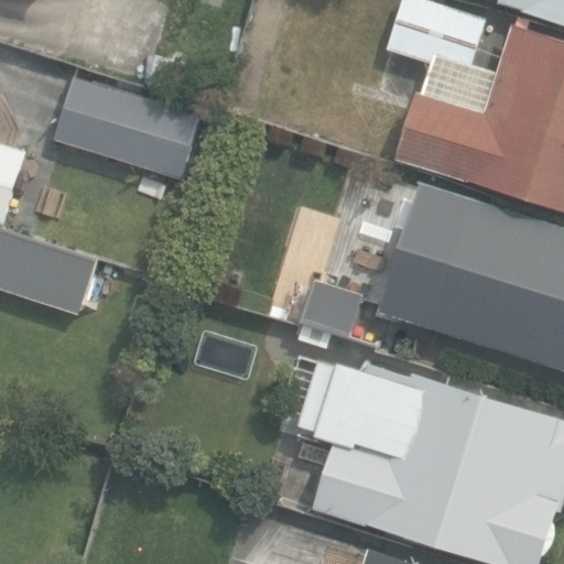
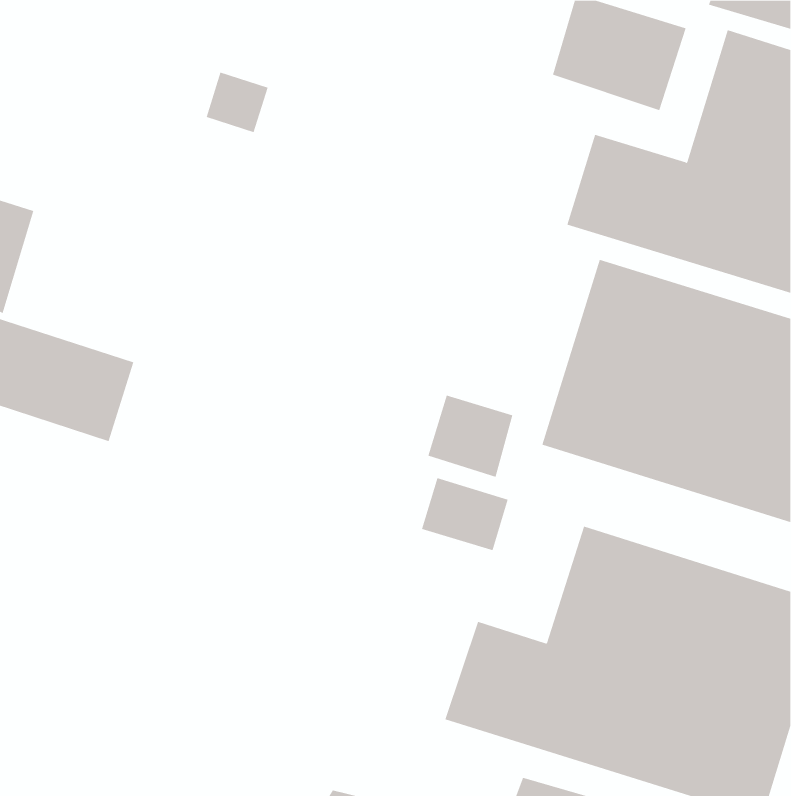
building: [51,73,198,177] -> none

